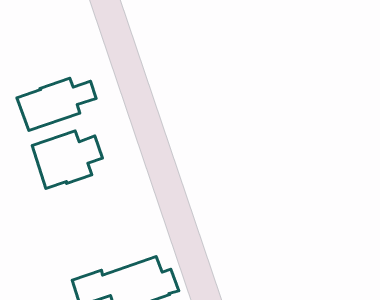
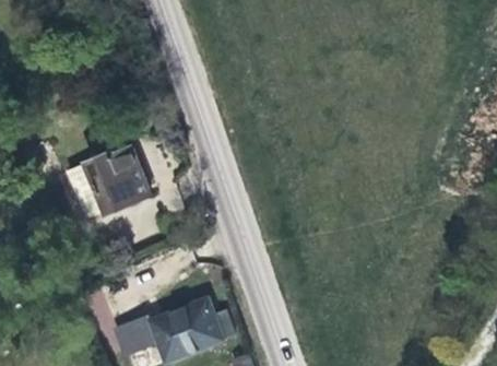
building: [17,78,96,130] -> none

